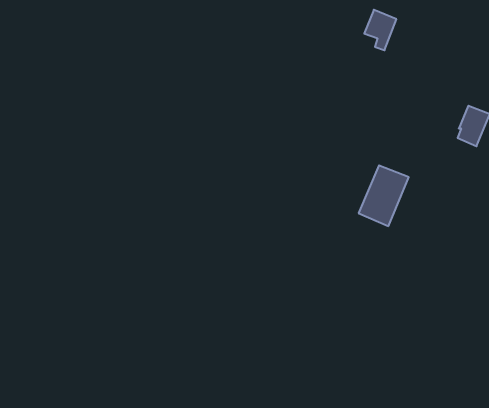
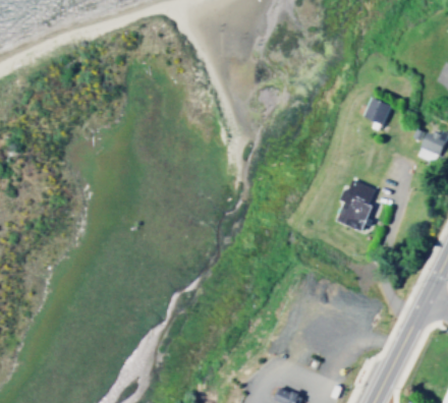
building: [364,10,396,50] -> [363,98,391,132]

